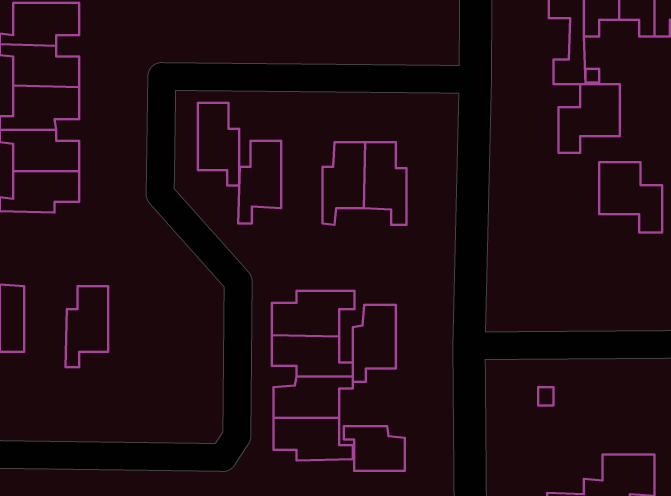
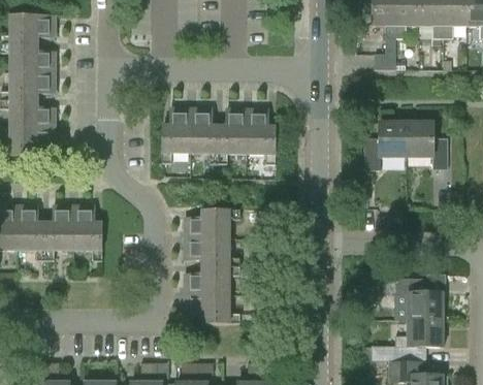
building: [559,84,620,153] -> [363,122,405,168]
building: [198,103,239,185] -> [190,107,218,163]
building: none -> [17,205,45,260]
building: none -> [73,205,102,260]
building: [353,305,396,382] -> none
building: none -> [383,278,443,319]
building: [344,426,405,471] -> none

